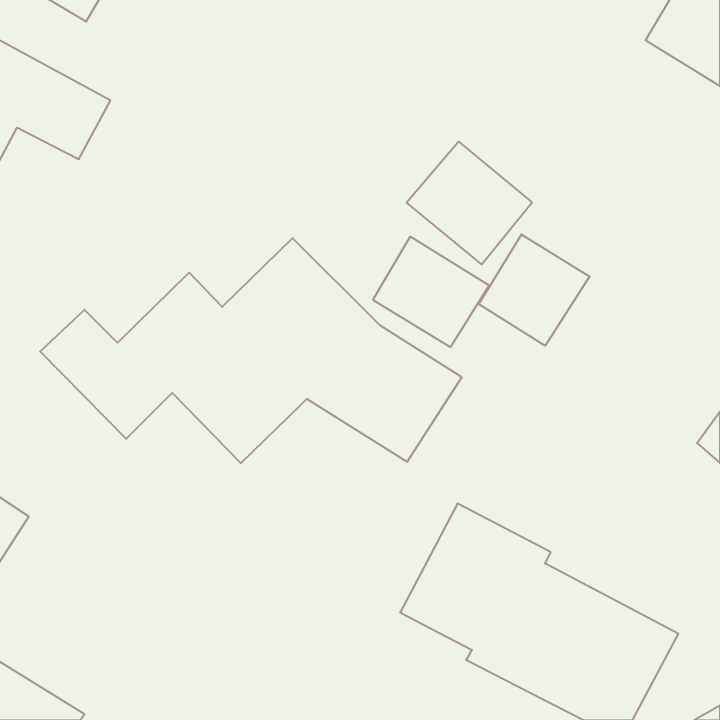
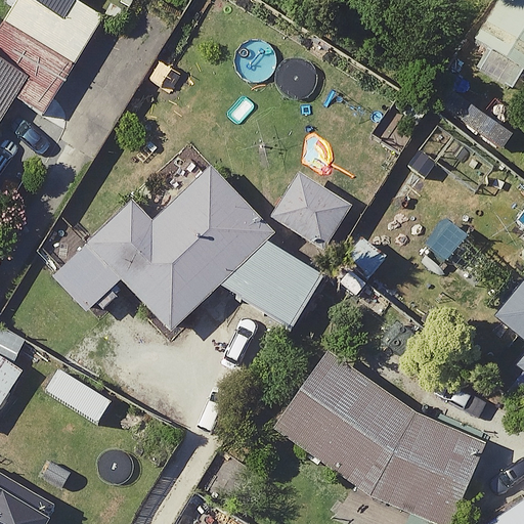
building: [407,142,532,264] -> none
building: [479,234,589,346] -> none

